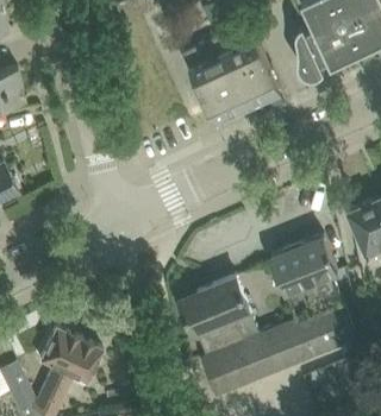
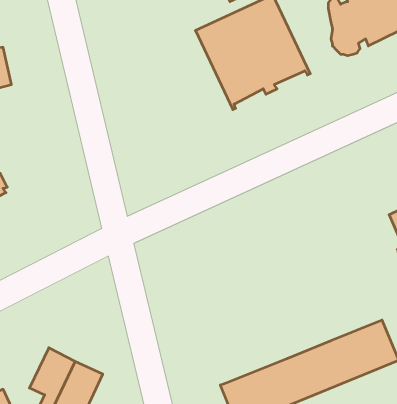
building: [271,237,343,321] -> none
building: [180,277,261,358] -> none

